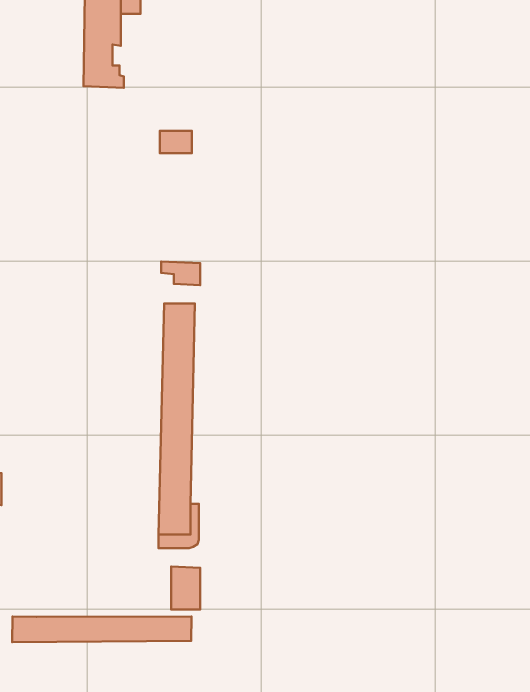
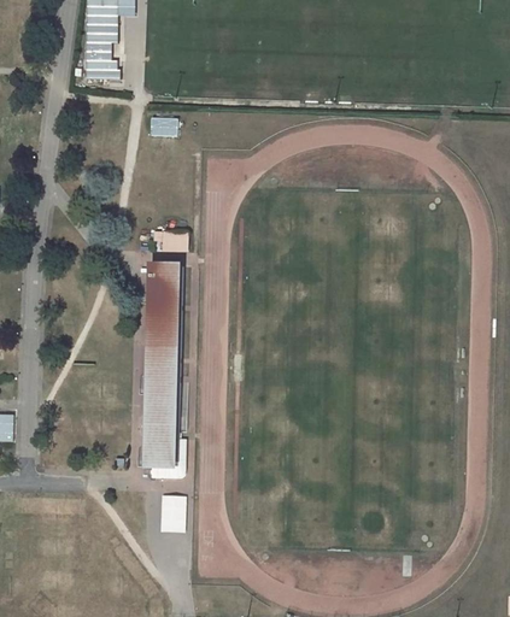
building: [12,616,192,642] -> none

